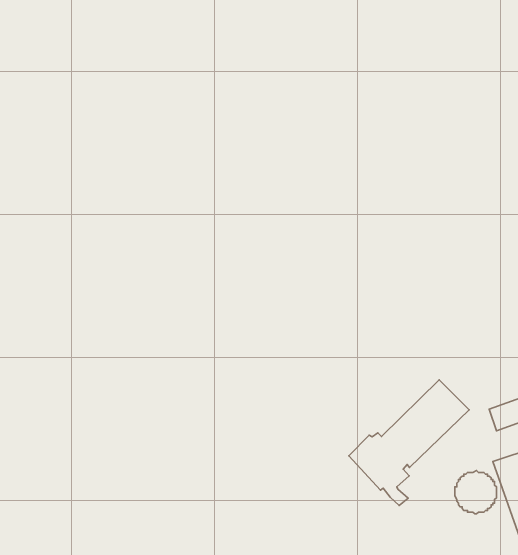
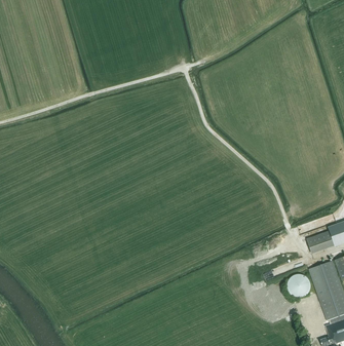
building: [349,380,469,506] -> none

